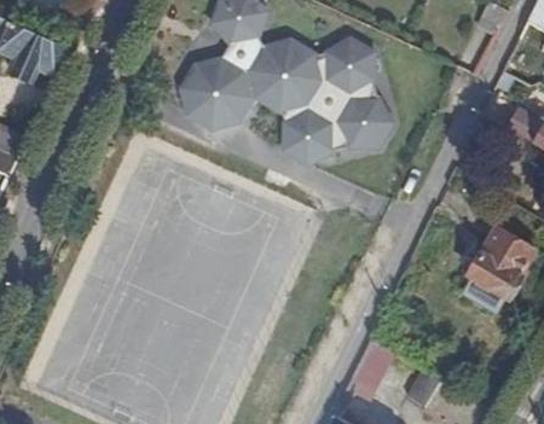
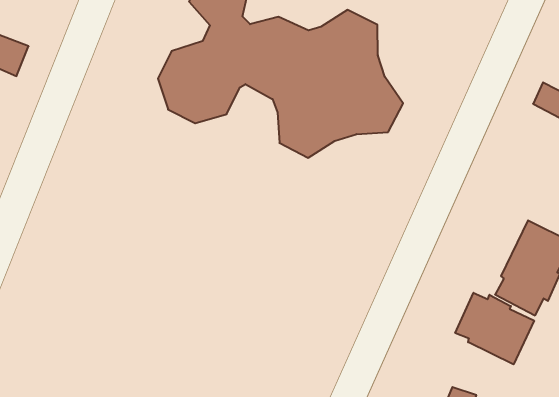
building: none -> [455,293,534,364]

